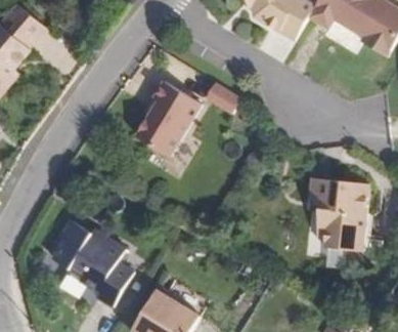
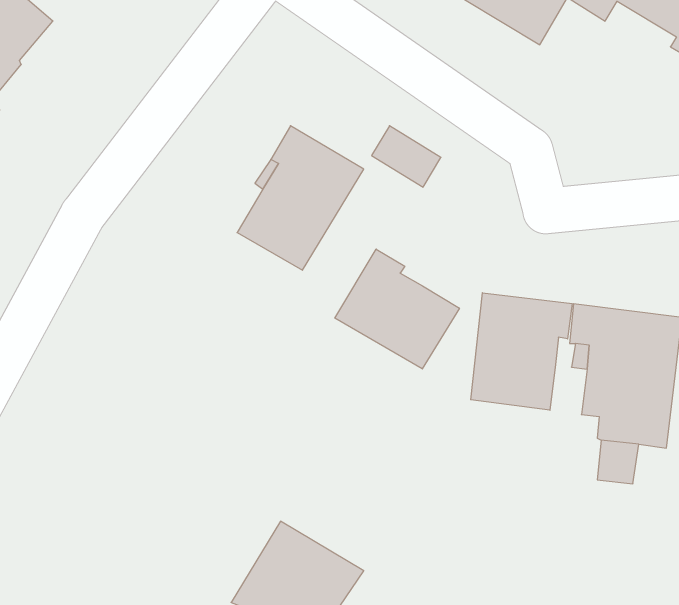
building: none -> [335,249,459,369]
building: none -> [471,293,572,410]
building: [55,219,136,305] -> none

